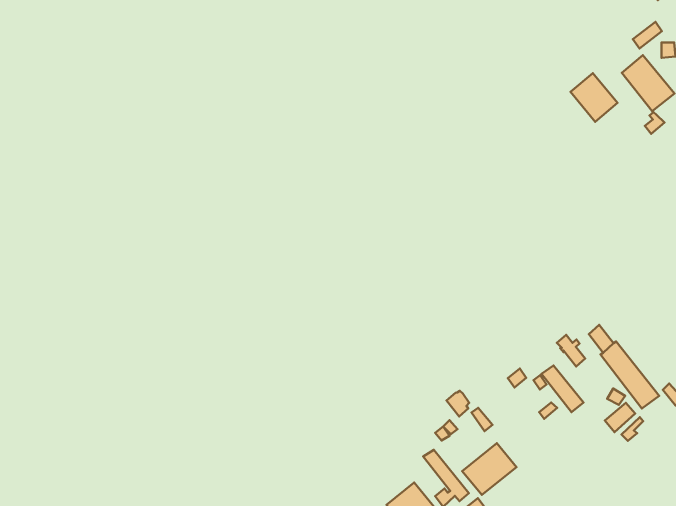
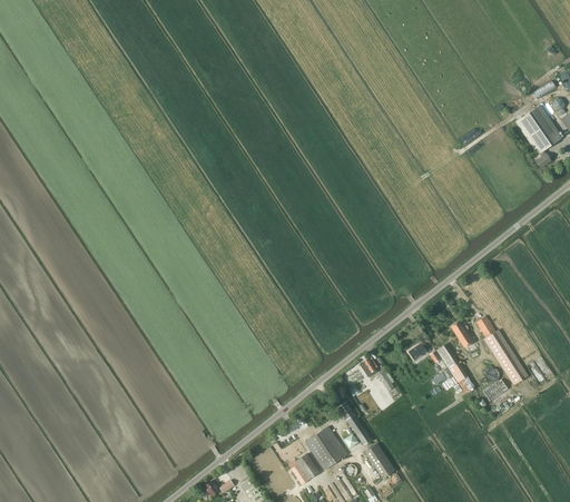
building: [571,73,618,122] -> none
building: [462,443,516,495] -> none

